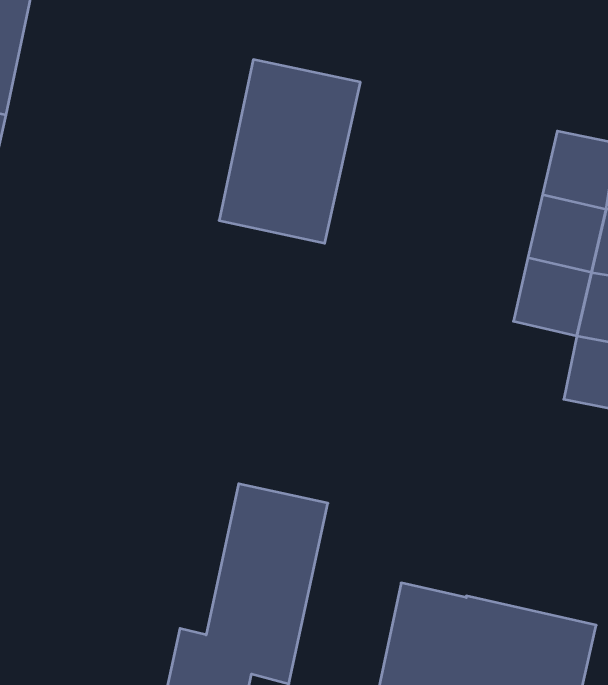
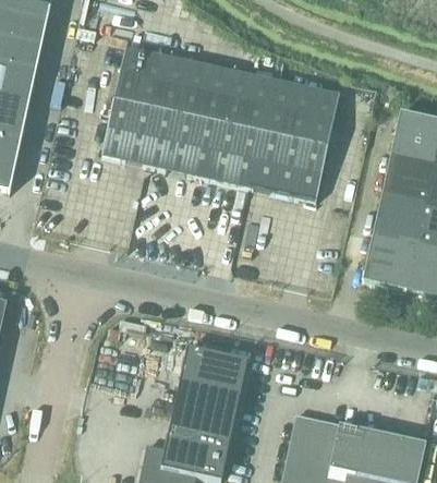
building: none -> [101,46,196,169]
building: none -> [244,76,339,200]
building: none -> [362,237,413,289]

